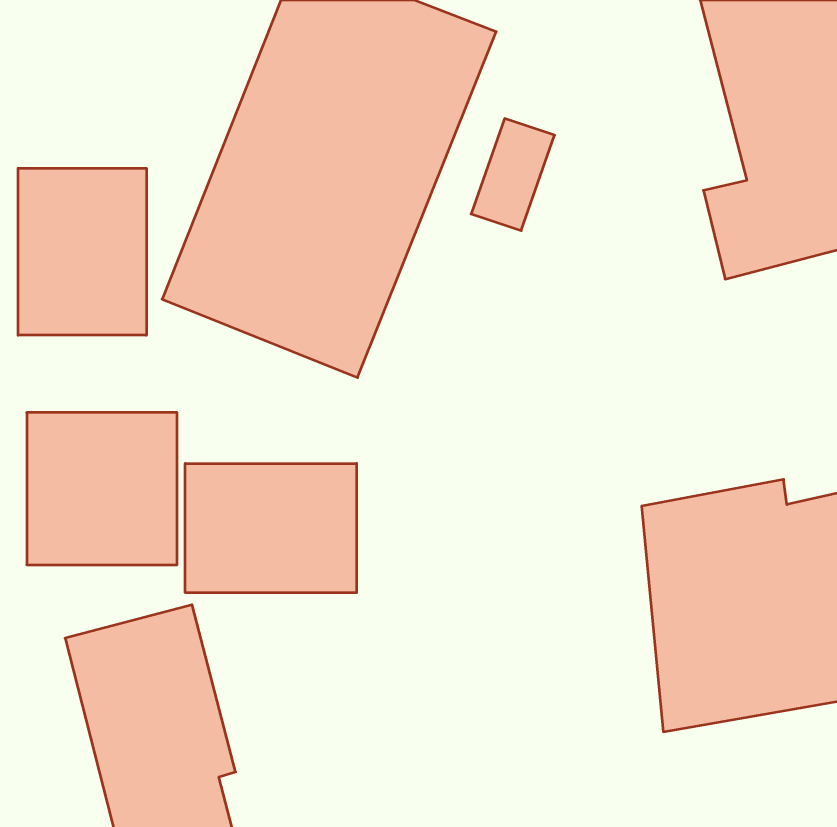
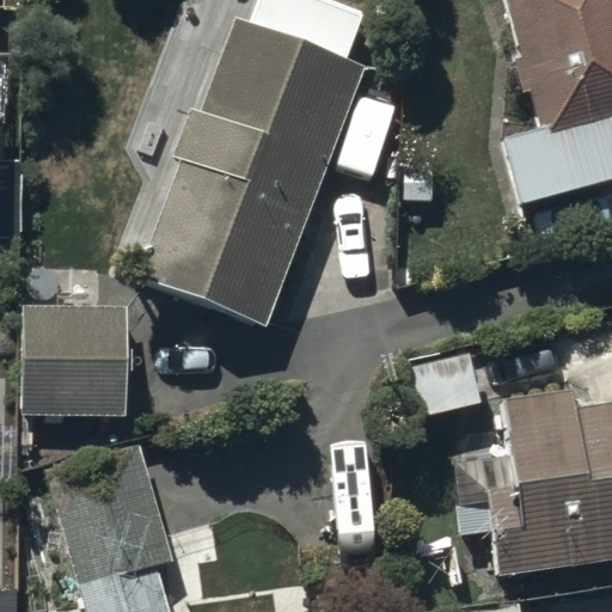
building: [18,168,146,335] -> none
building: [185,463,357,593] -> none

